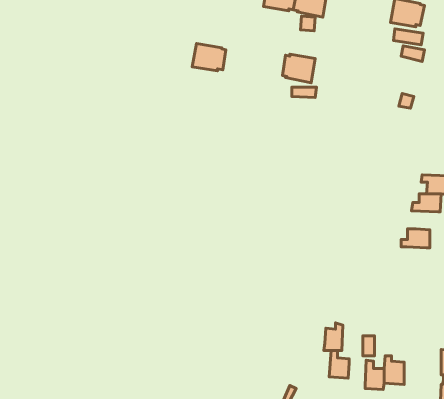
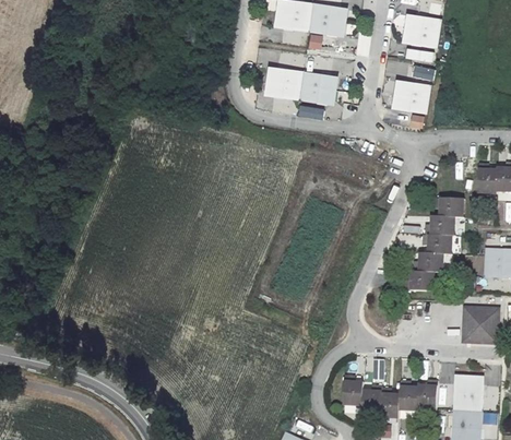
building: [192,43,226,71] -> [260,67,295,95]
building: none -> [393,79,428,108]
building: none -> [423,234,452,253]
building: none -> [409,271,440,289]
building: [324,323,343,350] -> [358,385,378,414]
building: none -> [417,382,437,409]

